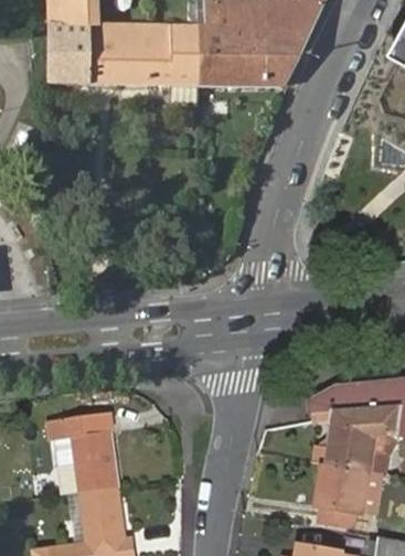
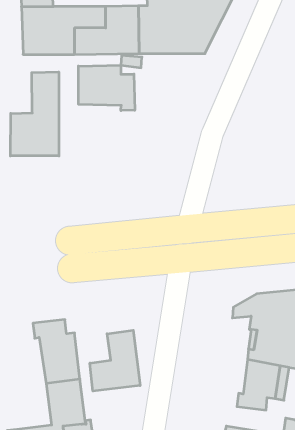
building: none -> [78,65,135,111]
building: none -> [10,72,59,156]
building: none -> [90,330,140,391]

